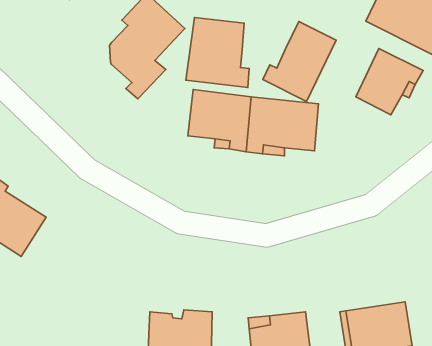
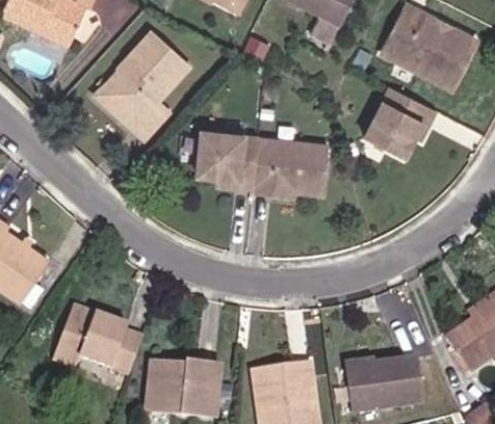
building: [186,18,249,88] -> none
building: none -> [98,59,142,130]
building: [263,21,336,101] -> none
building: none -> [59,302,150,370]

